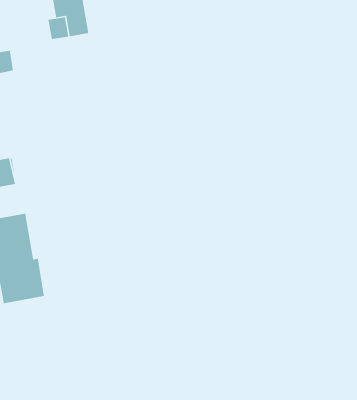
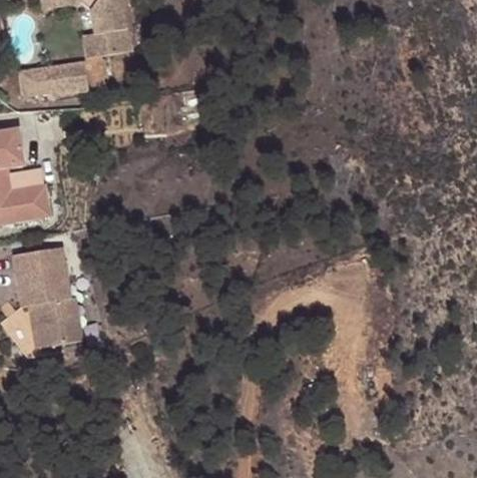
building: none -> [45,58,90,91]

